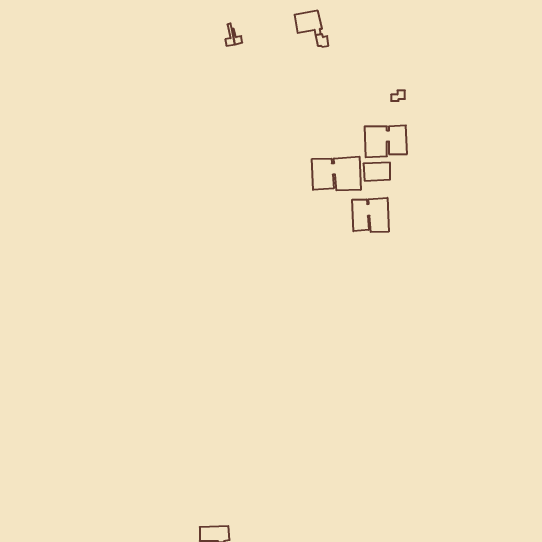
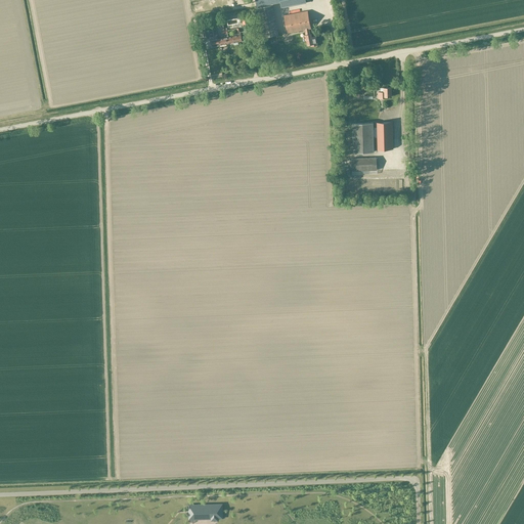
building: [312,157,361,190] -> none
building: [352,198,389,232] -> none

